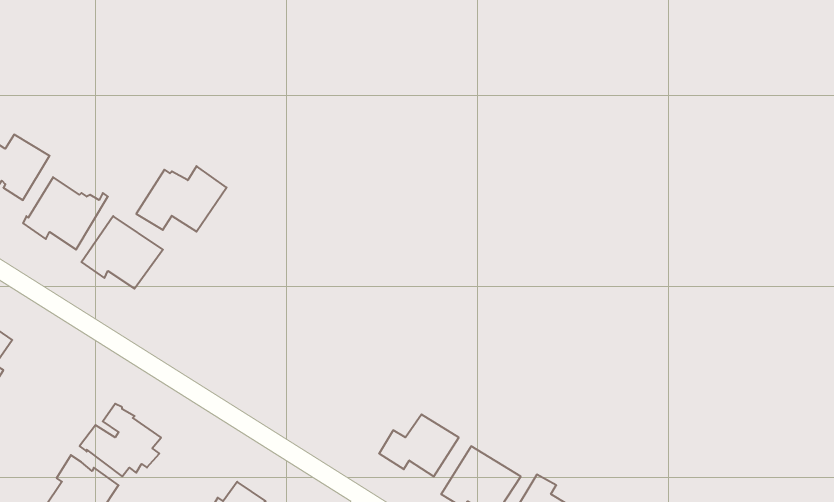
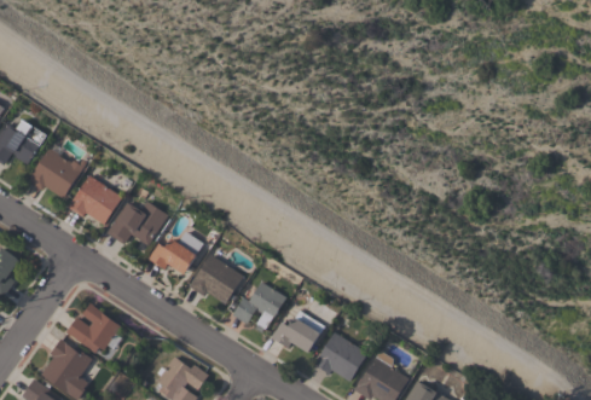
building: [136,166,227,232] -> [106,201,168,245]
building: none -> [147,236,203,274]
building: none -> [190,255,243,305]
building: none -> [232,282,286,332]

